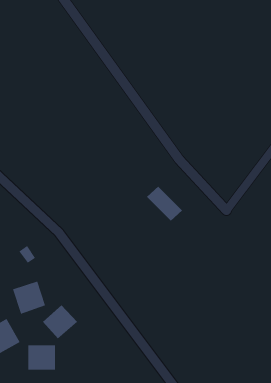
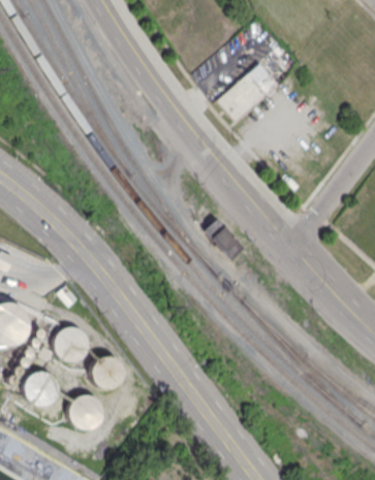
building: none -> [217,62,280,121]

